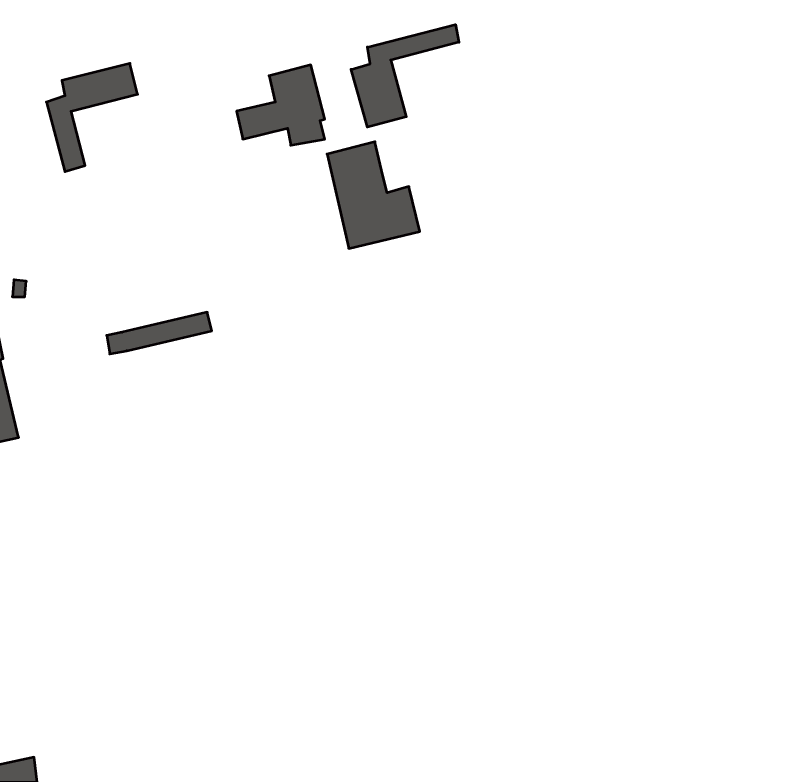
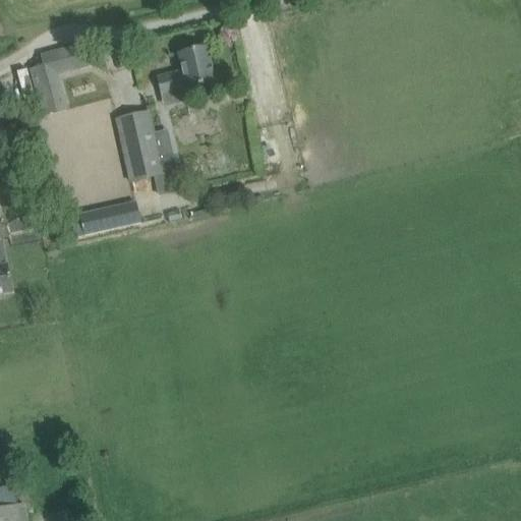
building: [351,25,459,127] -> none
building: [327,142,420,248] -> [115,108,176,178]

